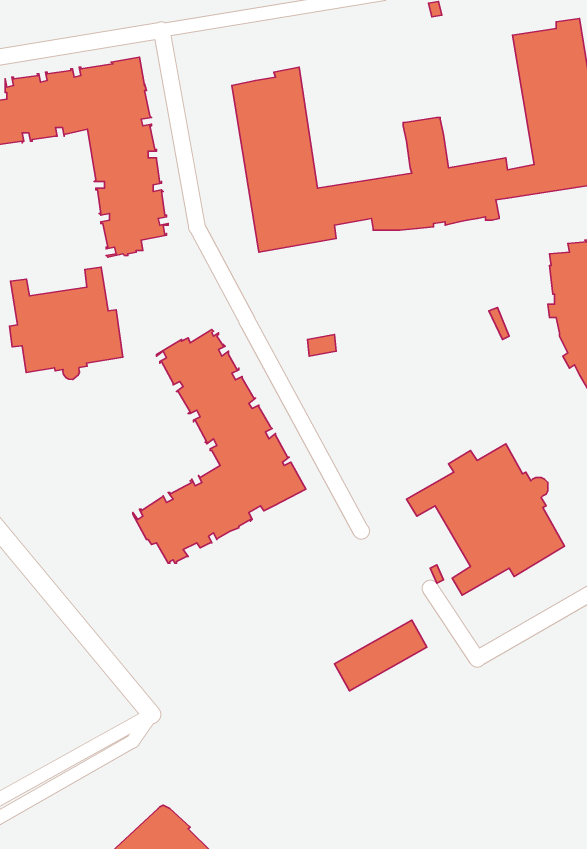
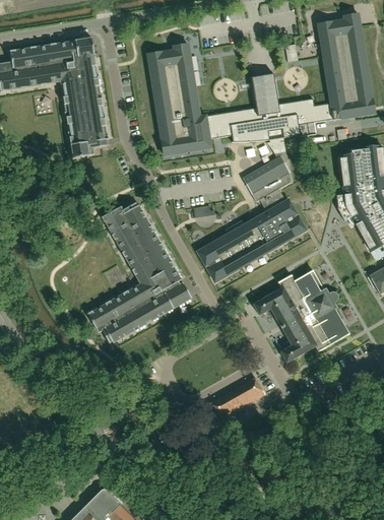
building: none -> [197,136,306,281]
building: [10,267,123,379] -> none

